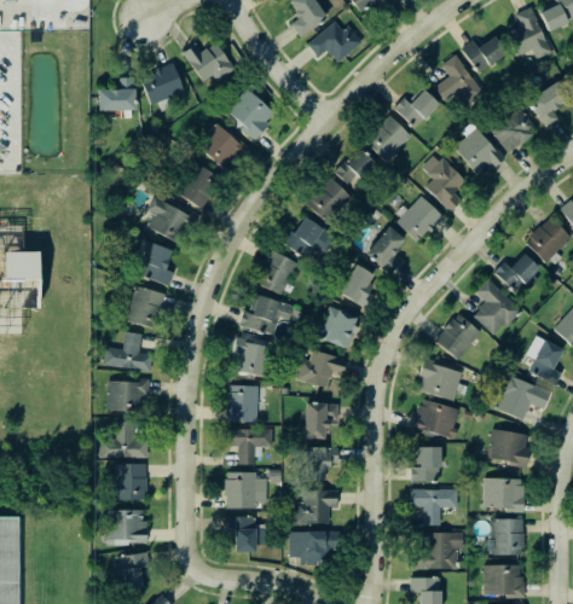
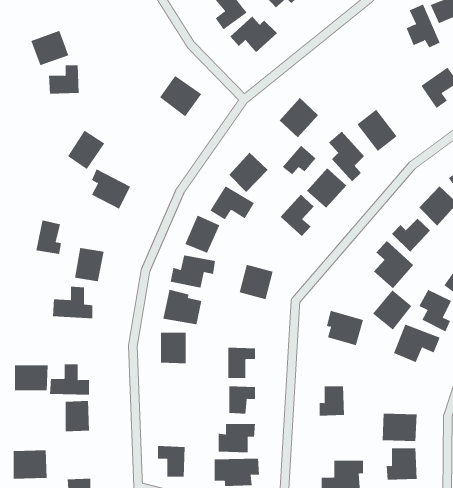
building: [462,36,508,72] -> none
building: [183,42,236,82] -> none
building: [436,54,486,105] -> none
building: [140,64,185,105] -> [30,30,69,66]
building: [394,87,440,128] -> none
building: [491,106,538,152] -> none
building: [197,122,248,172] -> none
building: [337,149,377,184] -> [282,145,317,175]
building: [179,163,222,209] -> [67,130,105,170]
building: [144,244,174,284] -> [36,220,62,255]
building: [340,265,376,308] -> none
building: [435,313,481,360] -> [372,289,412,330]
building: [297,353,347,387] -> none
building: [108,381,147,411] -> [14,365,49,391]
building: [413,400,459,437] -> none
building: [226,428,273,465] -> none
building: [488,430,531,465] -> none
building: [227,472,268,509] -> none
building: [411,489,458,525] -> none
building: [106,510,146,544] -> [13,450,47,479]

